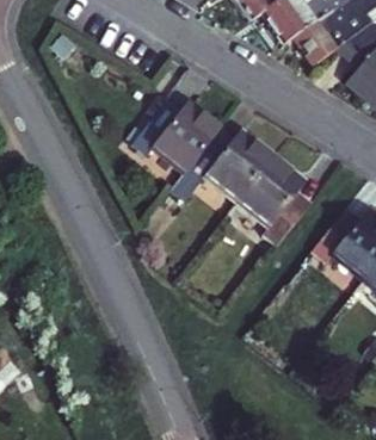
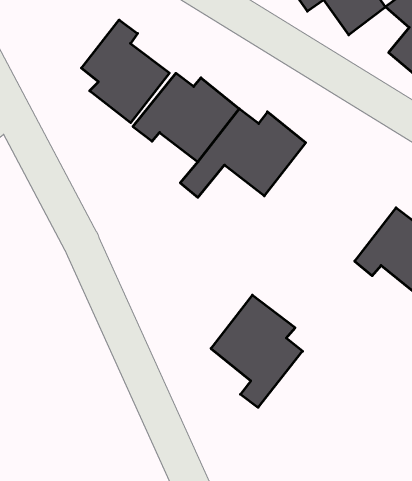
building: none -> [81,20,169,123]
building: [244,154,318,244] -> [211,295,303,407]

